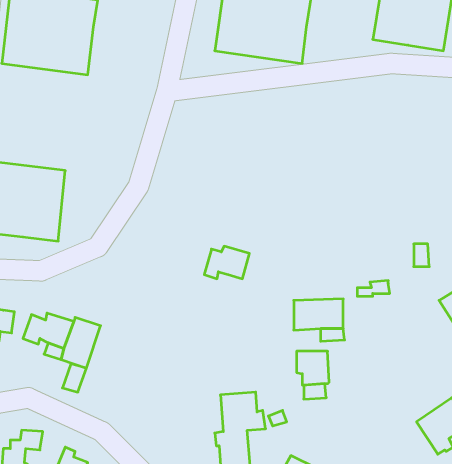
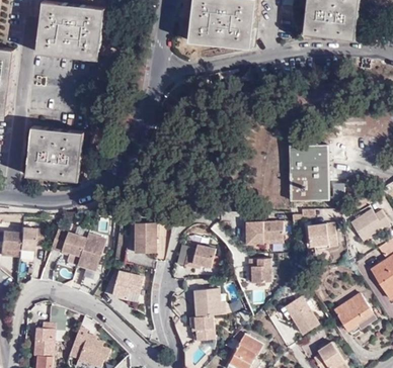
building: none -> [288,144,327,199]
building: [204,246,249,279] -> [183,243,216,266]
building: none -> [134,222,156,253]
building: none -> [307,222,335,247]
building: none -> [112,272,144,300]
building: none -> [284,296,318,335]

